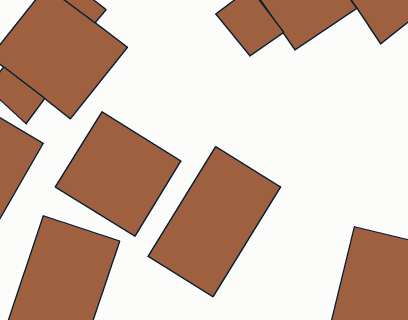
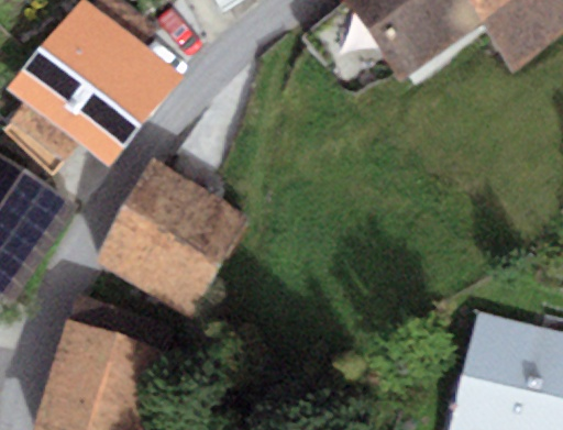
building: [148,147,281,297] -> none

